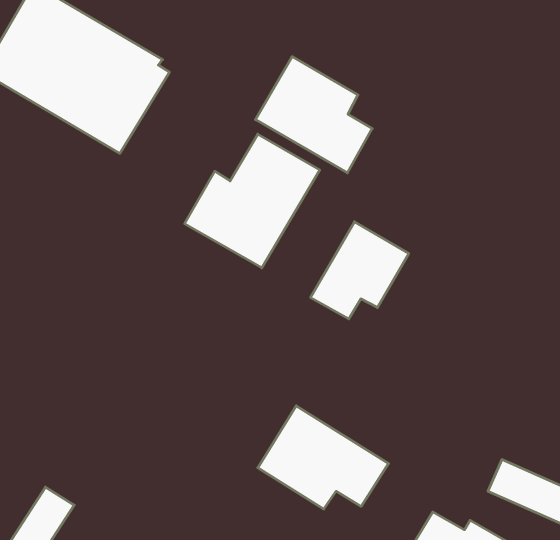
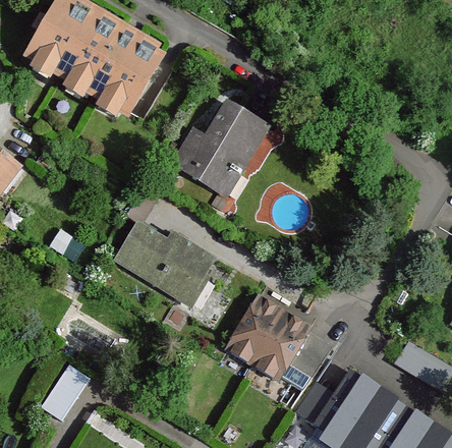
building: [255,57,372,173] -> none
building: [311,222,409,319] -> none
building: none -> [115,223,216,307]

